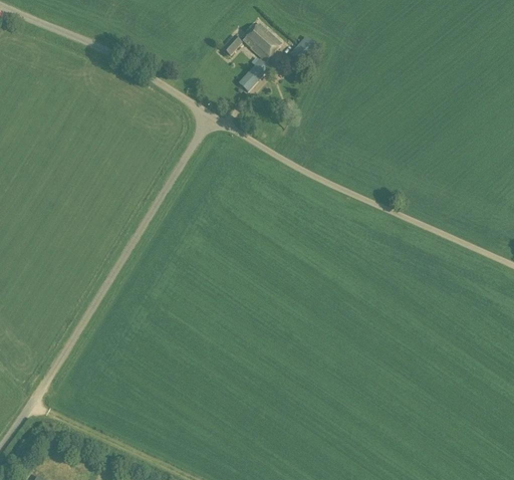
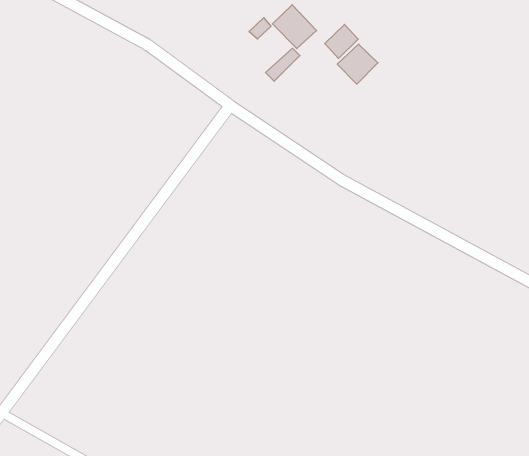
building: none -> [337,44,378,84]

